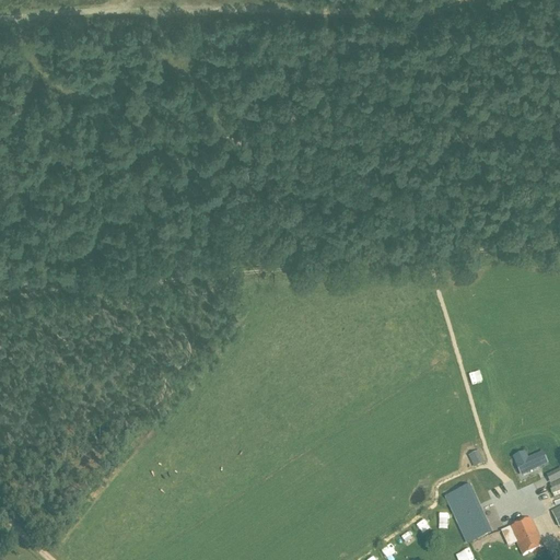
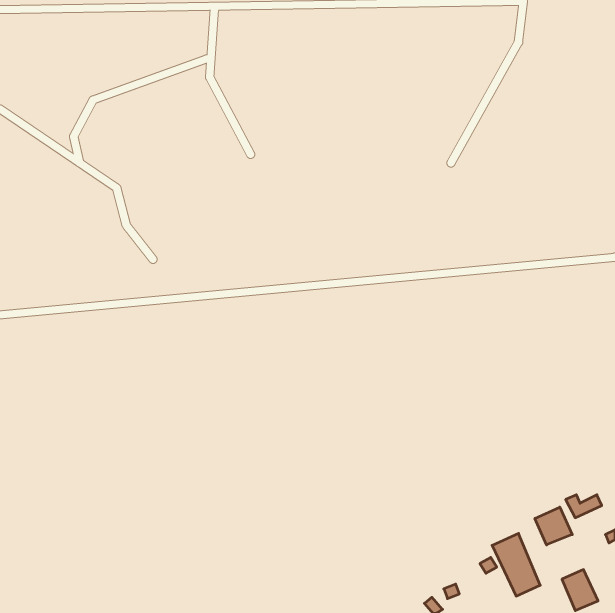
building: none -> [535,507,572,545]

